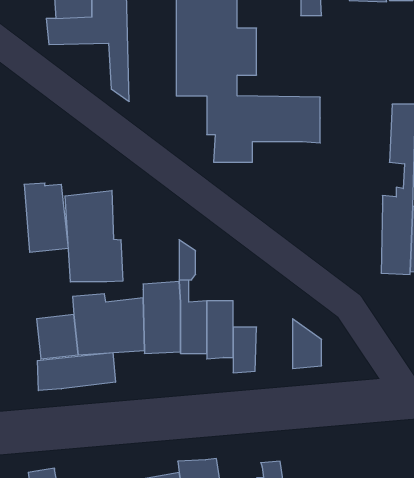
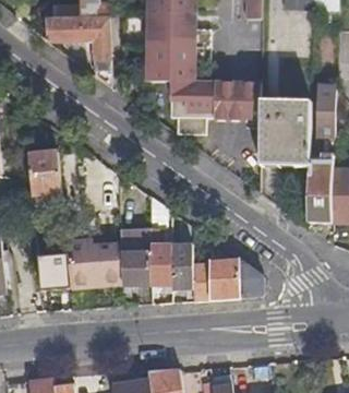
building: none -> [261,99,311,167]
building: [65,190,123,282] -> none
building: none -> [209,258,239,299]
building: [37,353,115,391] -> none

